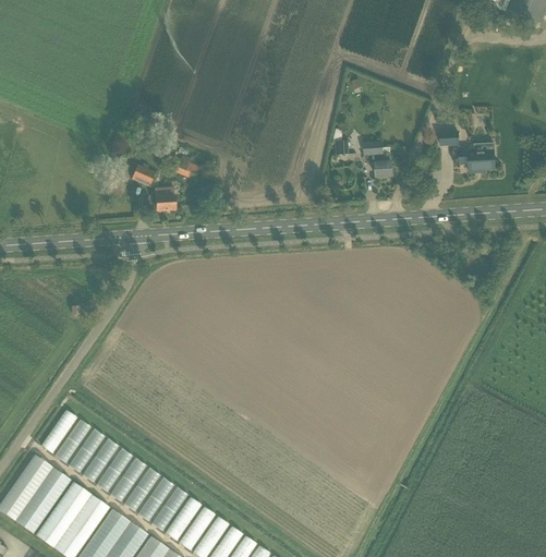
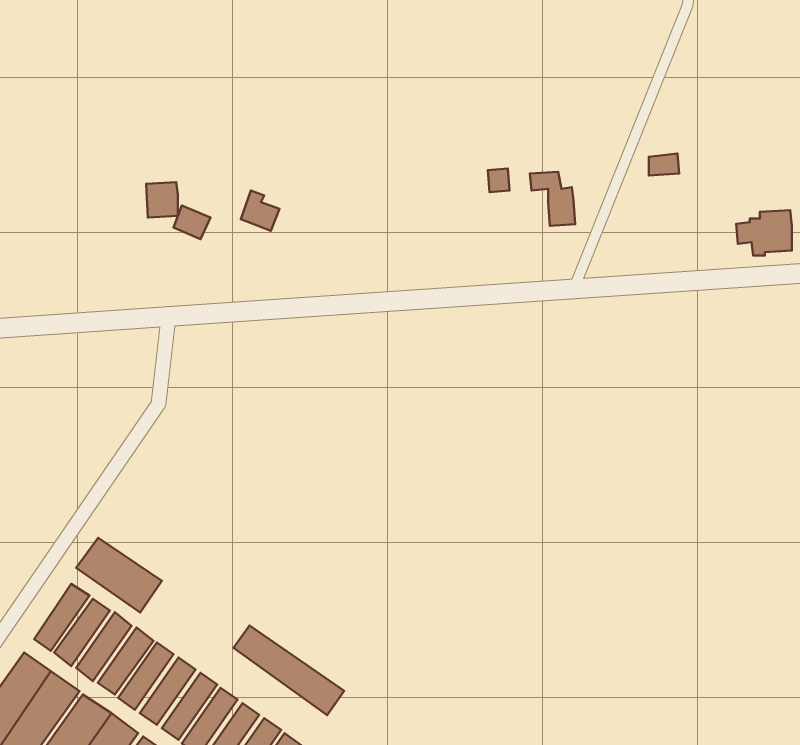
building: [459,143,495,172] -> [736,210,792,256]
building: [155,189,175,211] -> [146,182,178,218]
building: none -> [76,538,162,613]
building: none -> [233,625,344,715]

